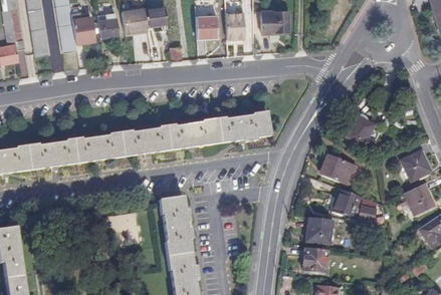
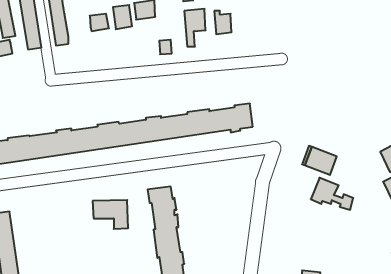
building: [260,8,288,31] -> none
building: [71,11,99,42] -> none
building: [347,116,382,149] -> none
building: [305,217,333,243] -> none
building: [302,248,328,272] -> none

